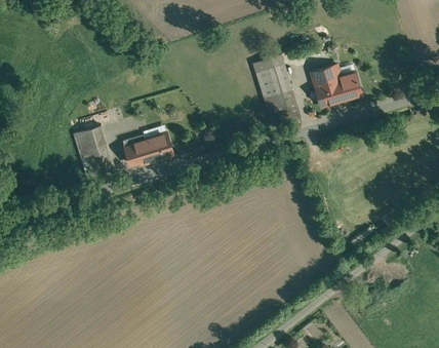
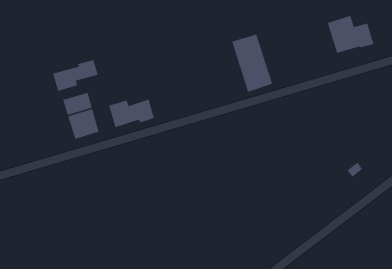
building: [311,65,362,107] -> [327,15,375,54]
building: none -> [52,59,99,92]

